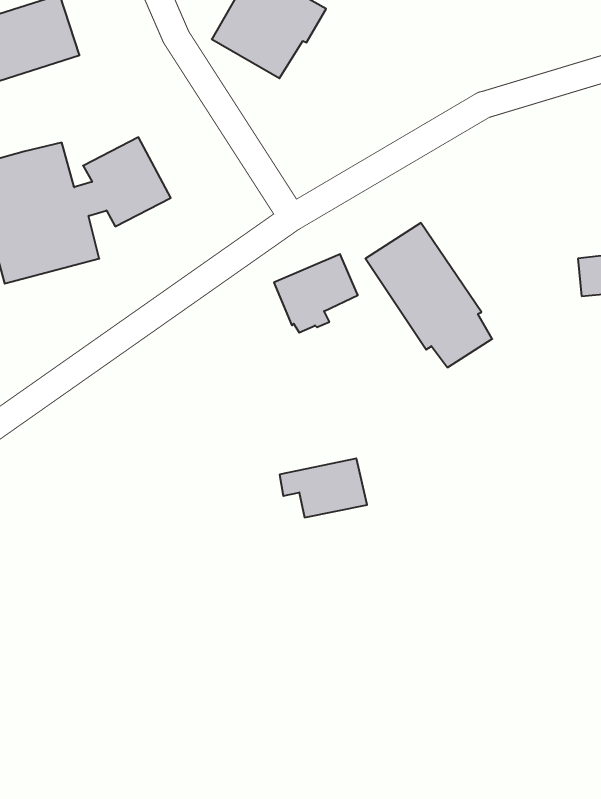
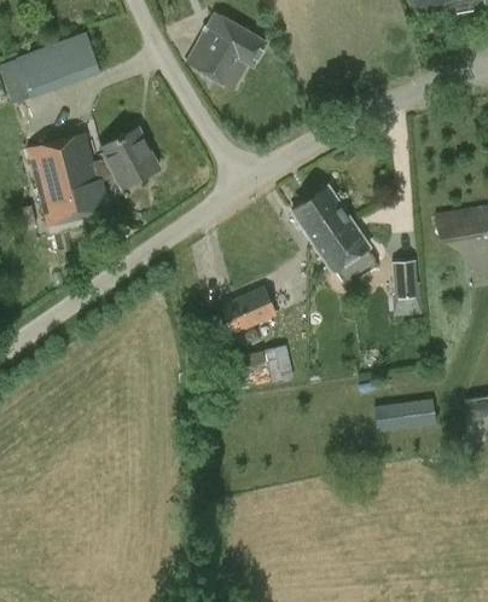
building: [274,254,358,333] -> [220,286,277,340]
building: none -> [391,260,420,297]
building: none -> [373,399,436,433]

